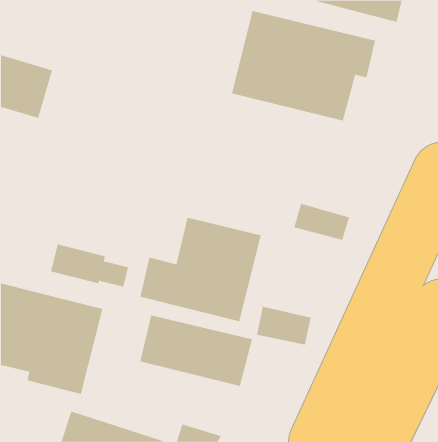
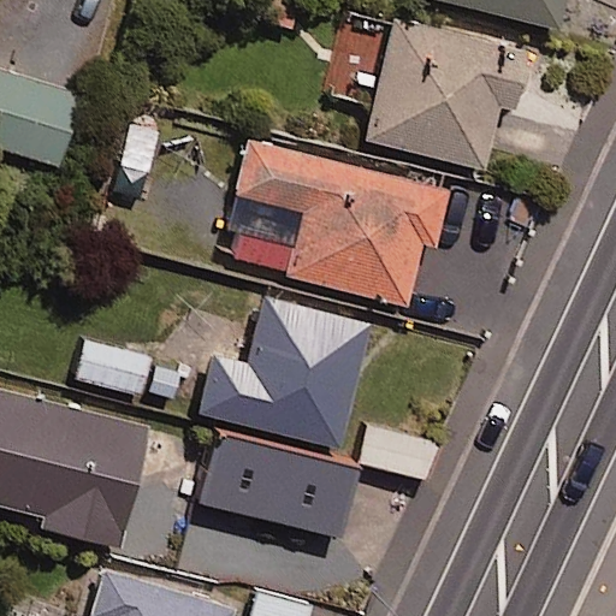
building: none -> [238,135,449,306]

